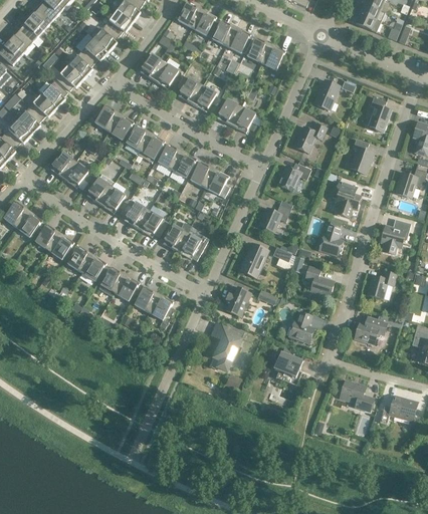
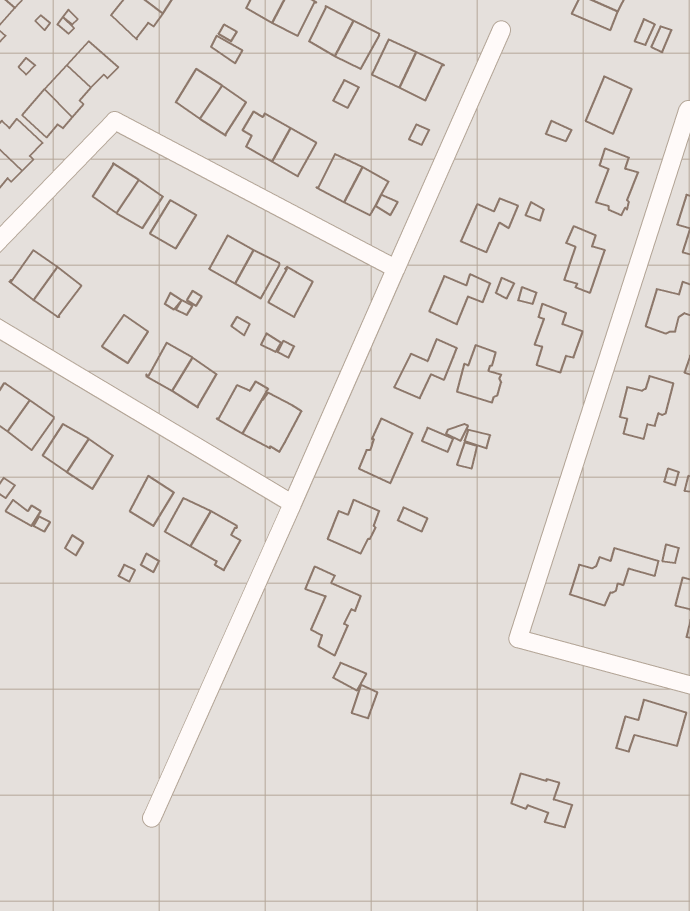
building: [88,24,119,52] -> none
building: [313,79,339,110] -> [586,76,632,134]
building: [137,133,165,163] -> none
building: [204,169,229,198] -> none
building: [86,174,114,204] -> none
building: [318,225,343,256] -> [457,345,501,403]
building: [98,266,125,296] -> none
building: [304,266,334,302] -> none
building: [367,271,396,298] -> none
building: [288,311,313,343] -> none
building: [273,352,302,387] -> none
building: [340,381,373,411] -> [511,774,572,827]

